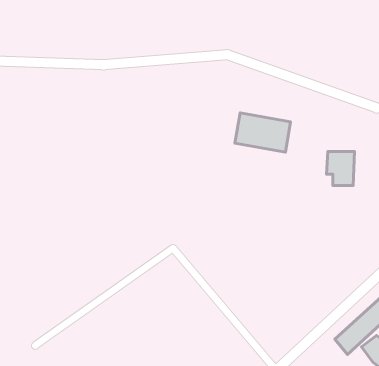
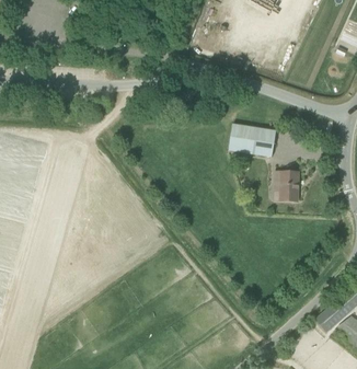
building: [327,151,354,186] -> [275,171,299,200]

